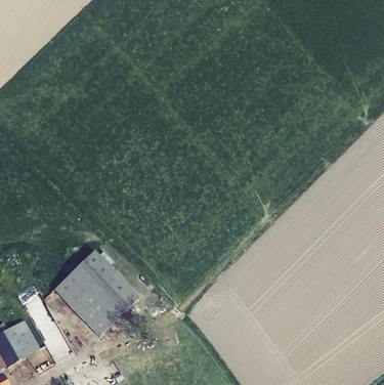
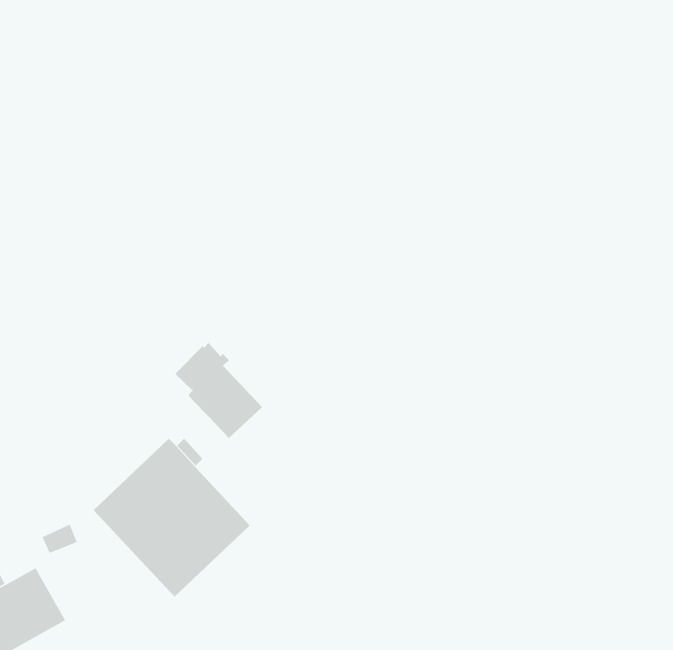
building: none -> [175,342,263,439]

